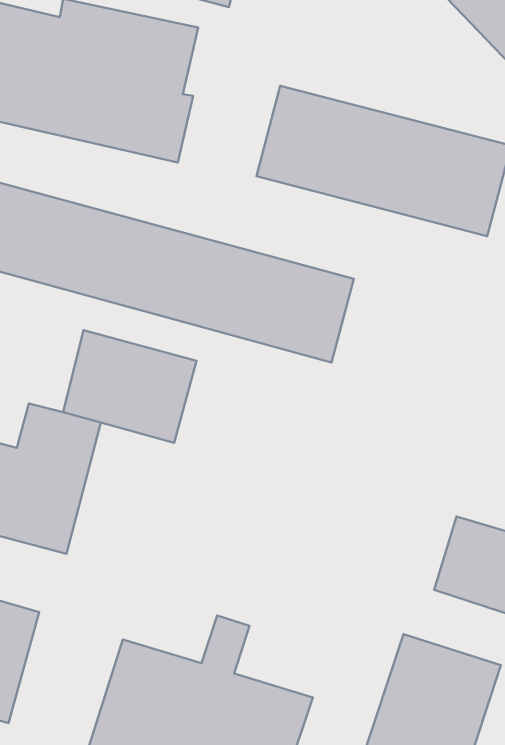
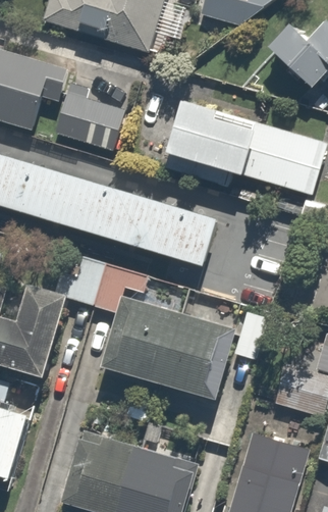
building: none -> [106,301,239,403]

